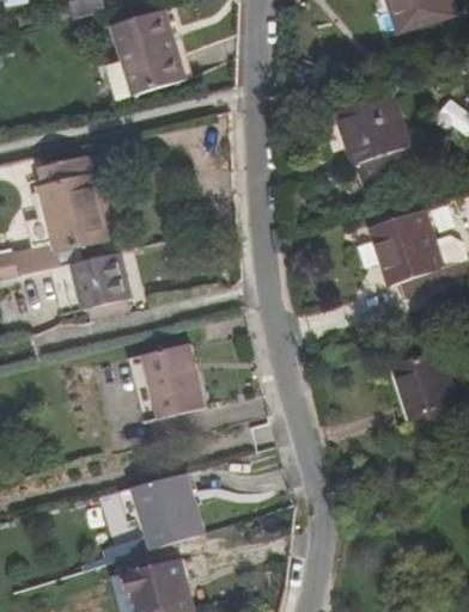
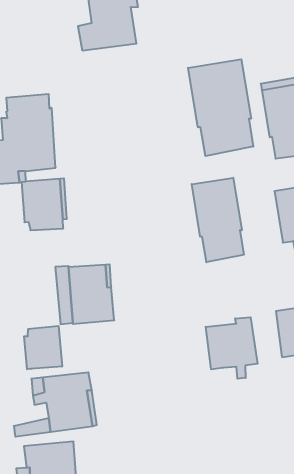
building: none -> [188,59,253,156]
building: none -> [192,178,244,262]
building: none -> [206,317,258,379]
building: none -> [24,326,62,369]

